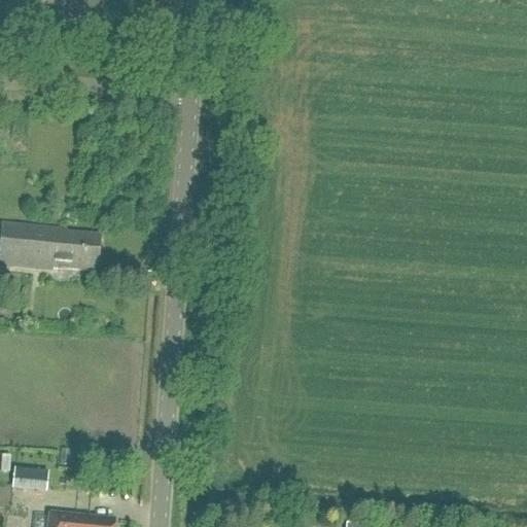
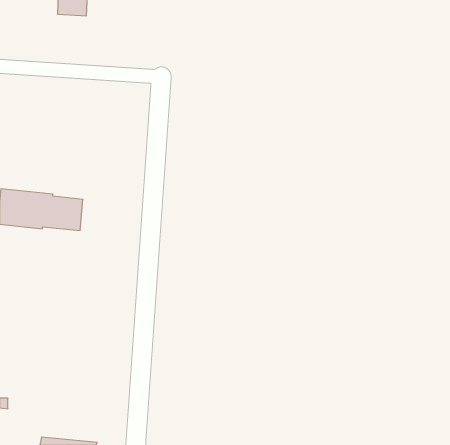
building: [13,465,48,492] -> none

